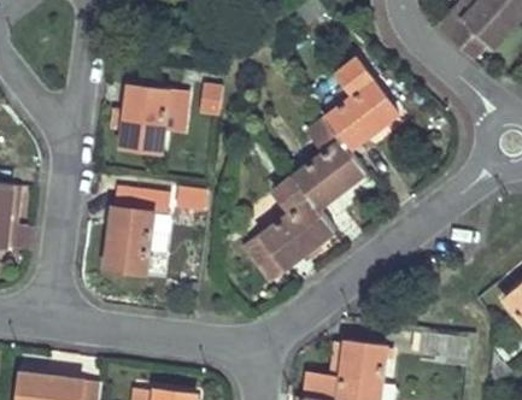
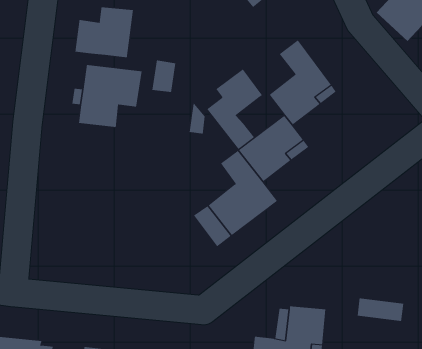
building: none -> [75,7,133,58]
building: none -> [206,68,263,150]
building: [104,184,169,273] -> none

